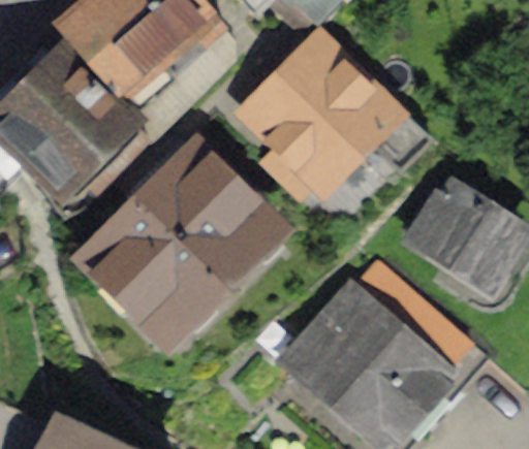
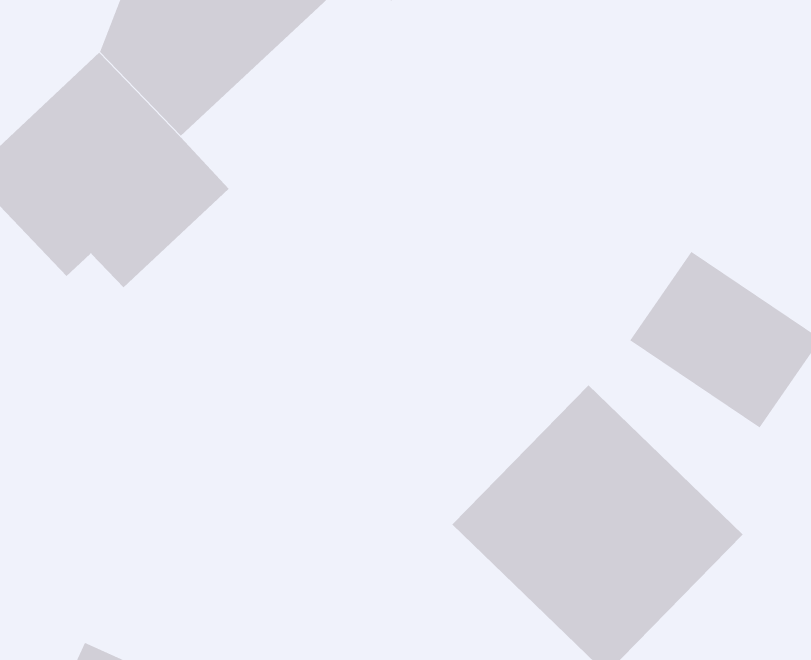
building: [245,38,425,184] -> none
building: [86,147,262,324] -> none

